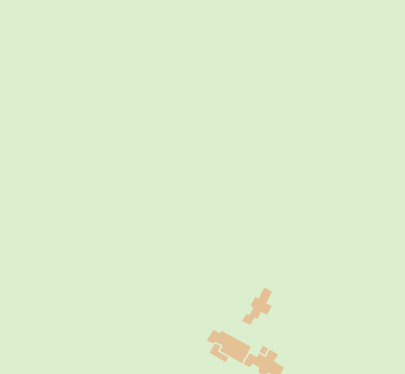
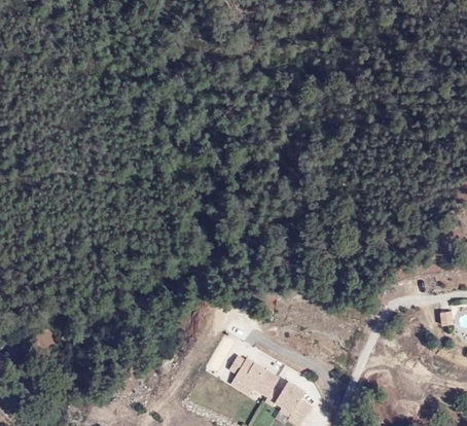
building: [241,286,273,326] -> none

